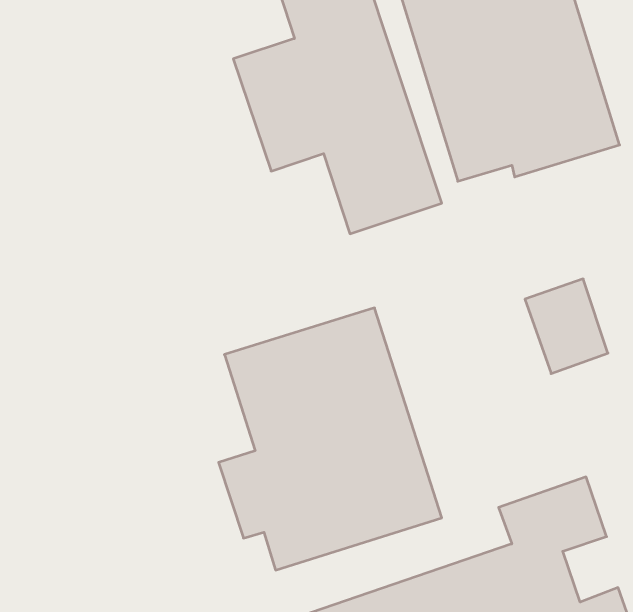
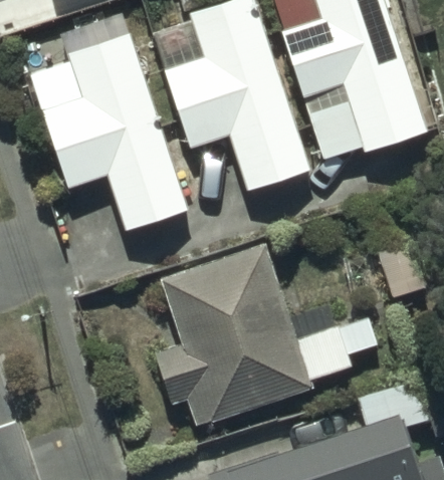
building: none -> [48,43,190,236]

